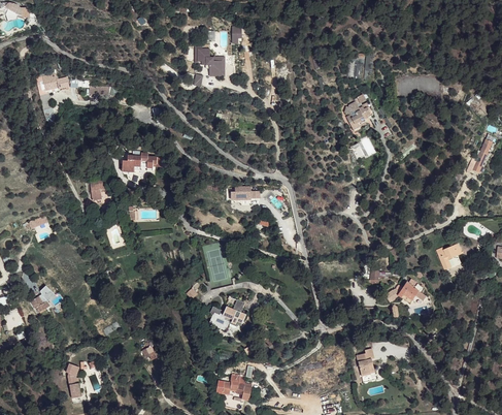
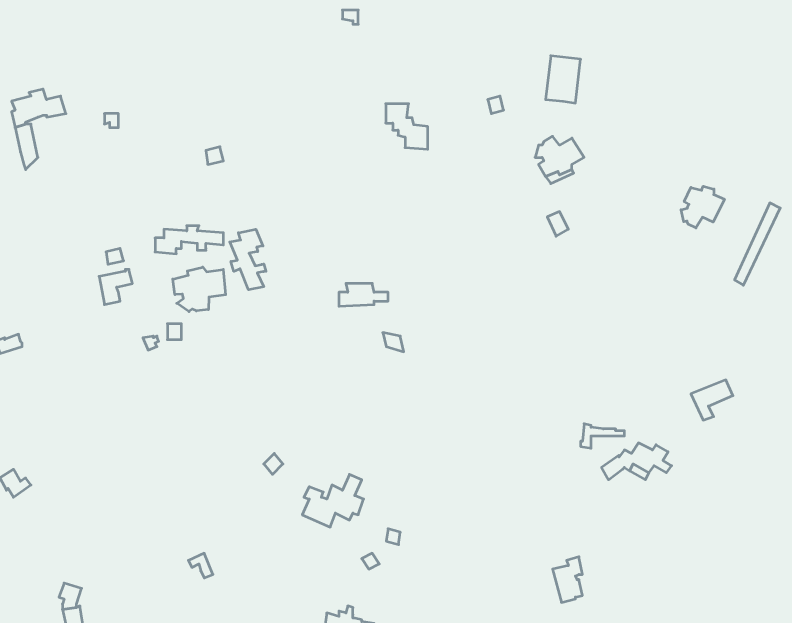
building: [197,49,222,75] -> [386,104,428,149]
building: none -> [681,186,724,228]
building: none -> [230,229,266,290]
building: none -> [173,267,226,312]

